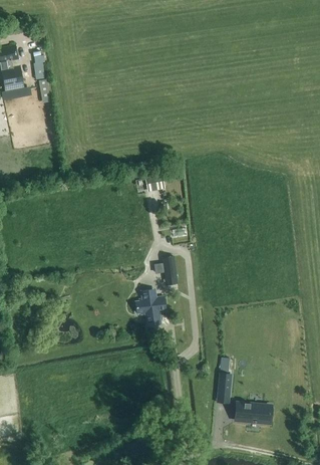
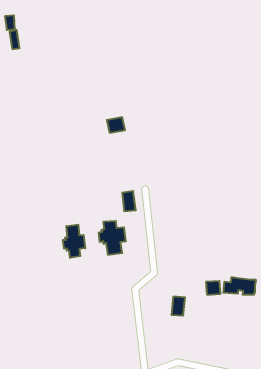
building: none -> [63,225,85,258]
building: [235,403,271,422] -> [223,277,256,294]

